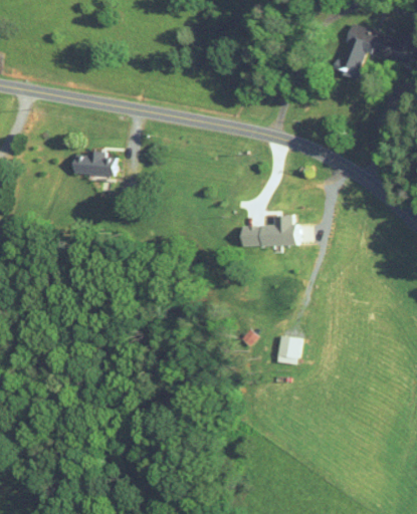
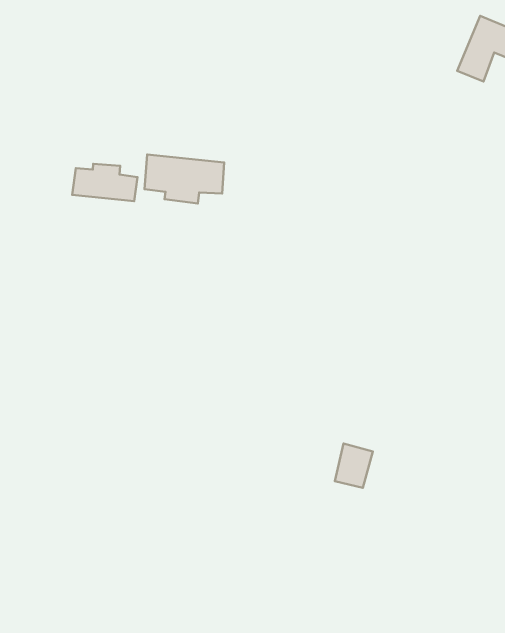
building: none -> [145,154,224,203]
building: [240,217,298,246] -> none

